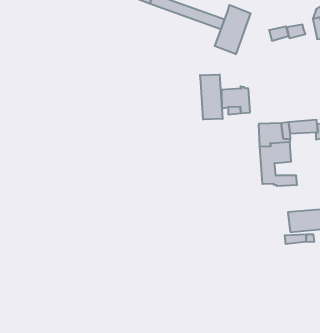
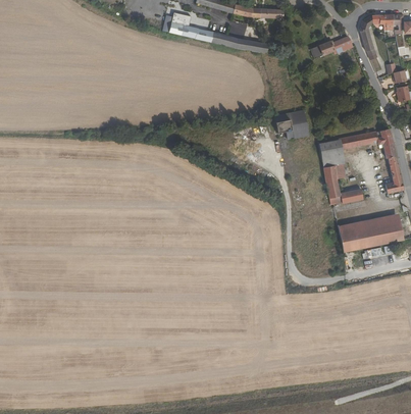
building: [215,5,251,54] -> none
building: [200,74,223,120] -> none
building: none -> [340,226,365,251]

